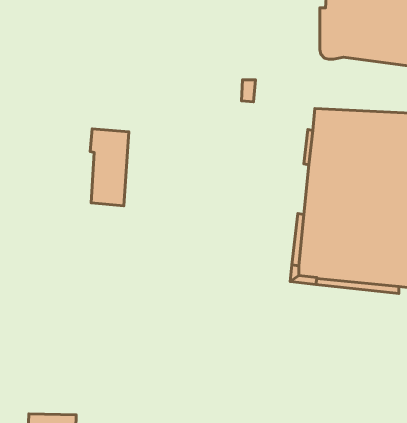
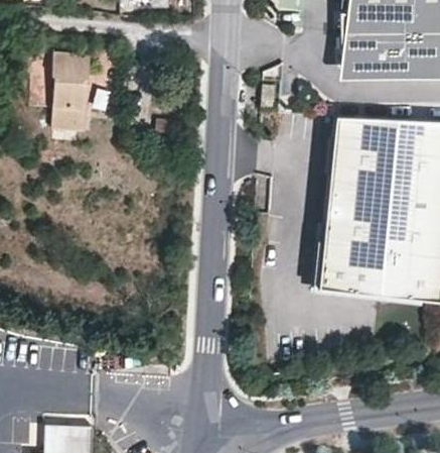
building: [90,129,129,206] -> [51,55,91,134]

